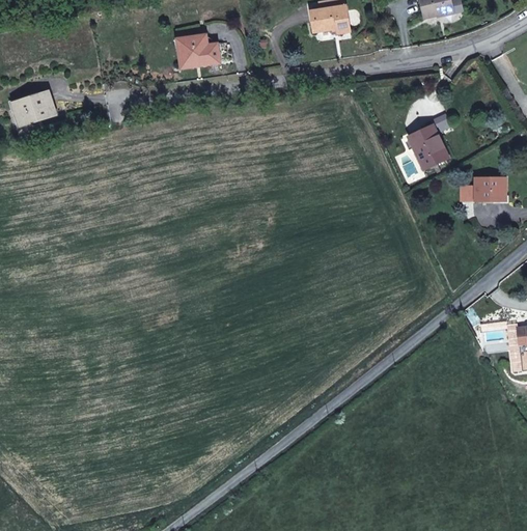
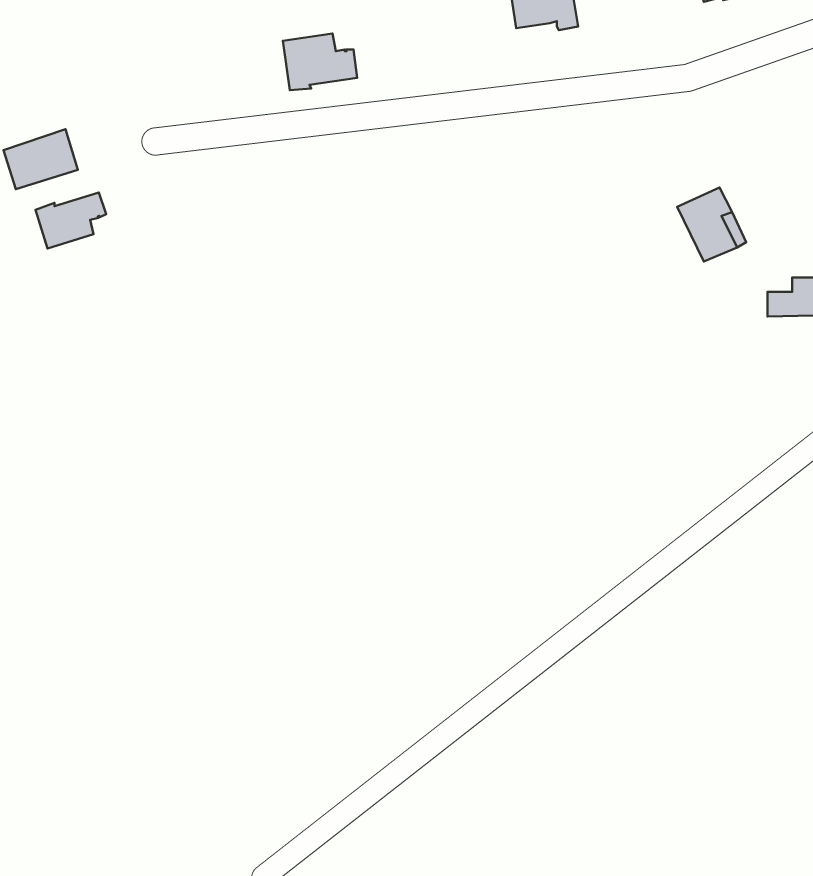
building: none -> [35,192,106,249]

